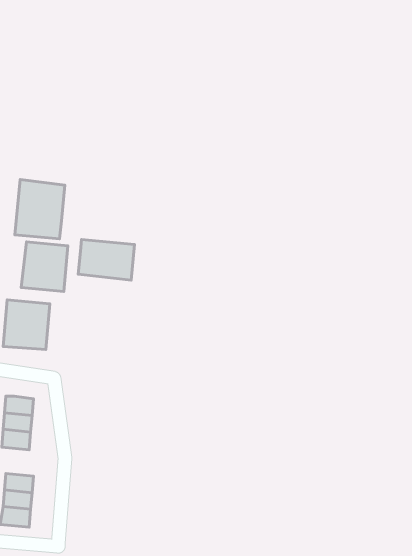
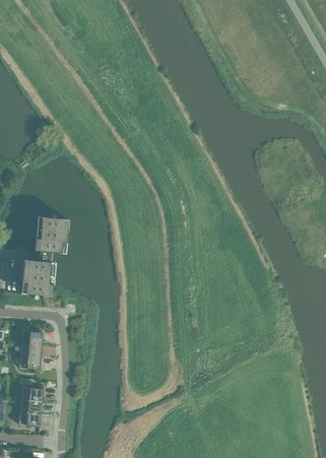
building: [15,180,65,239] -> none
building: [78,240,135,280] -> none

